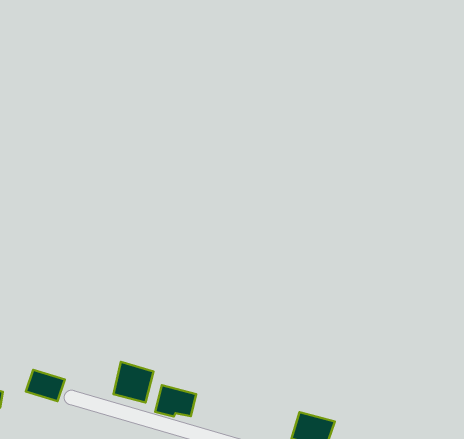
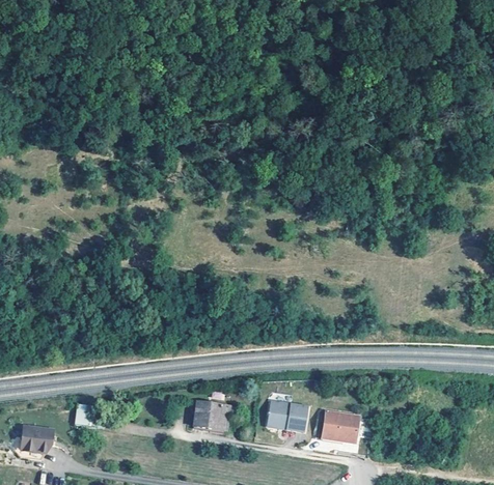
building: [113,362,153,402] -> none
building: none -> [267,391,309,424]

